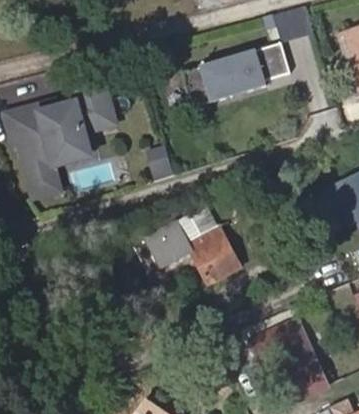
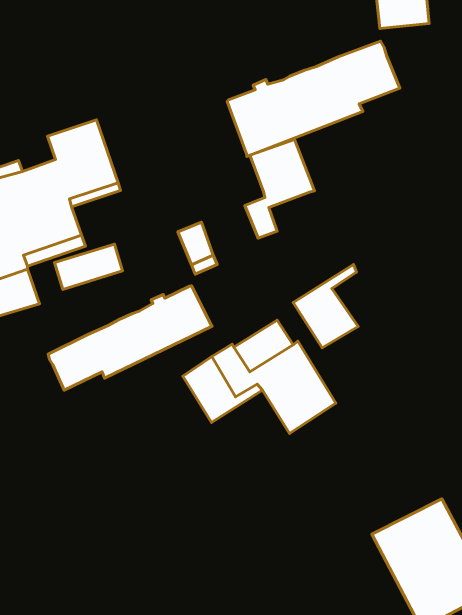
building: none -> [245,139,314,238]
building: none -> [293,265,358,348]
building: none -> [48,286,212,390]

